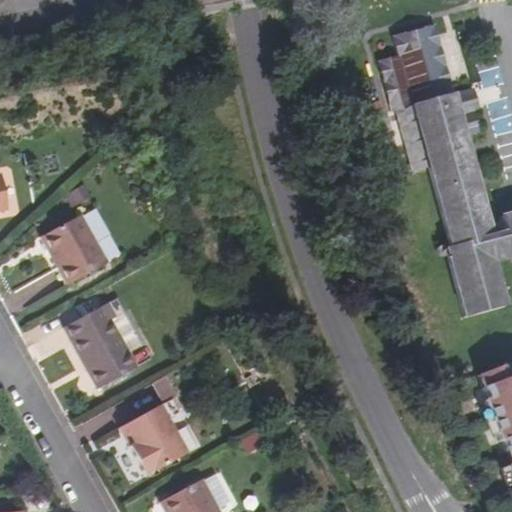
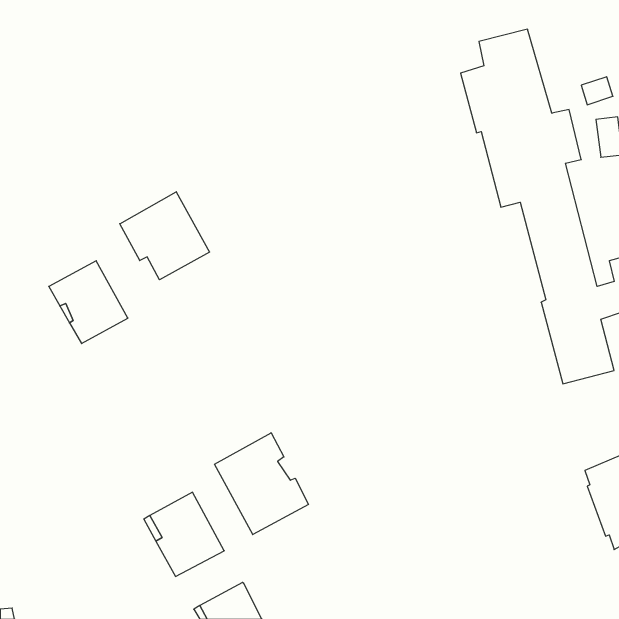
building: none -> [120,192,210,280]
building: [65,302,138,386] -> none
building: none -> [215,433,308,535]

